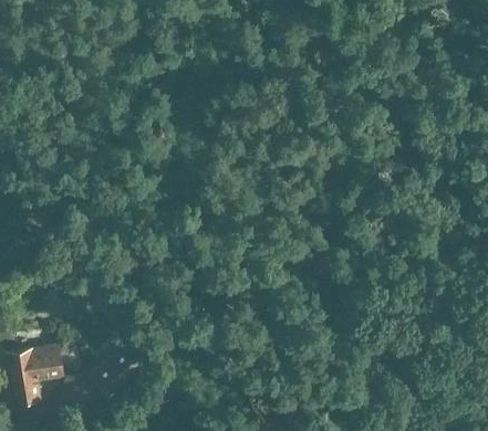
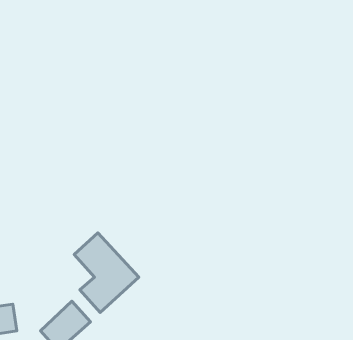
building: none -> [74,233,139,312]

